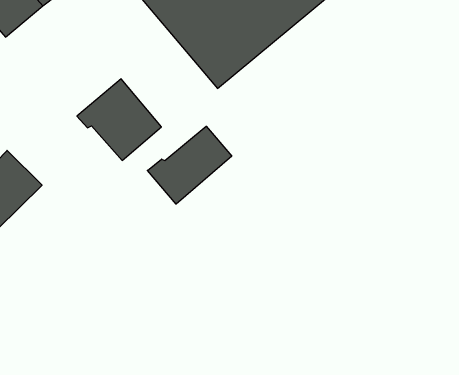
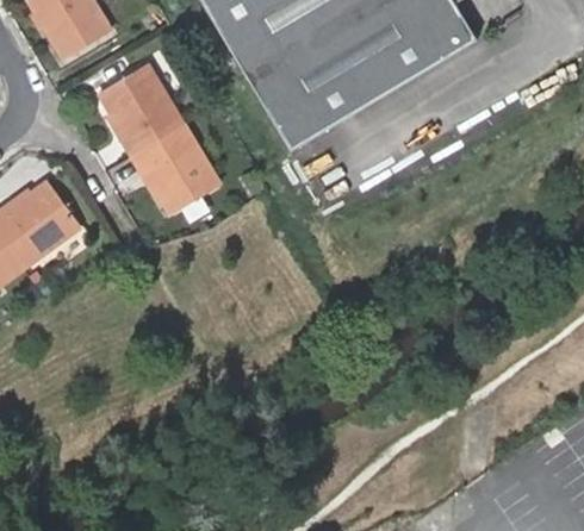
building: none -> [95,60,185,156]
building: [147,126,232,204] -> none

